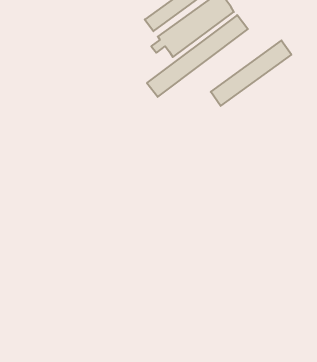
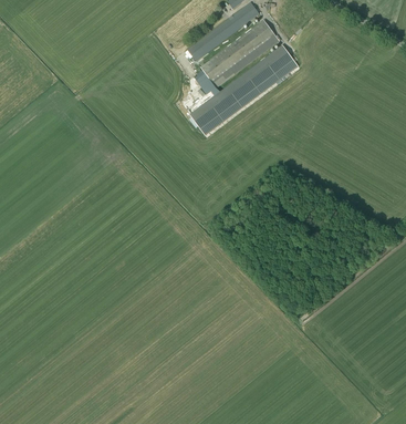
building: [211,40,291,106] -> none

